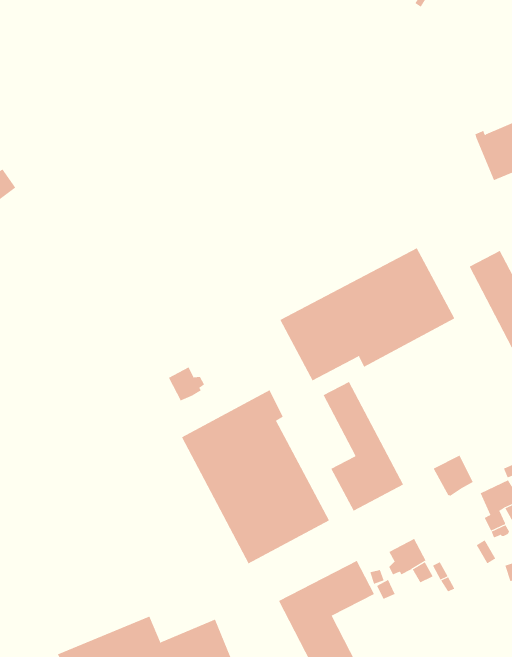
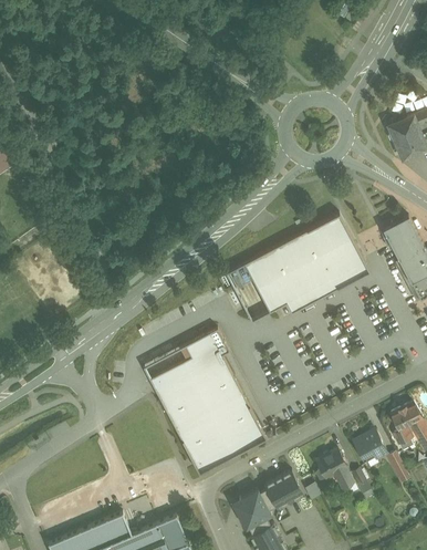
building: [168,366,205,402] -> none
building: [323,381,404,512] -> none
building: [433,455,474,497] -> [353,429,386,464]

